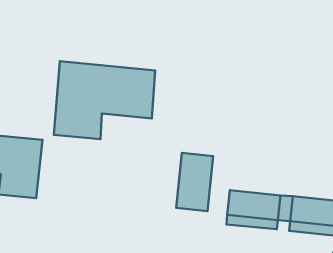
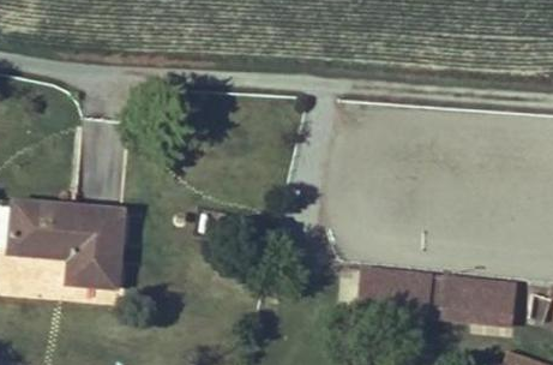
building: [54,61,155,139] -> none
building: [176,153,213,211] -> none

